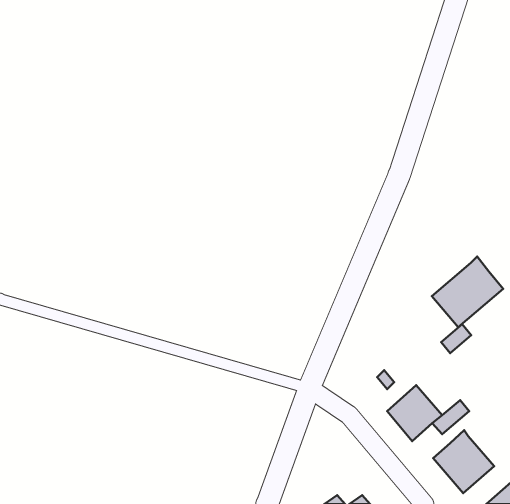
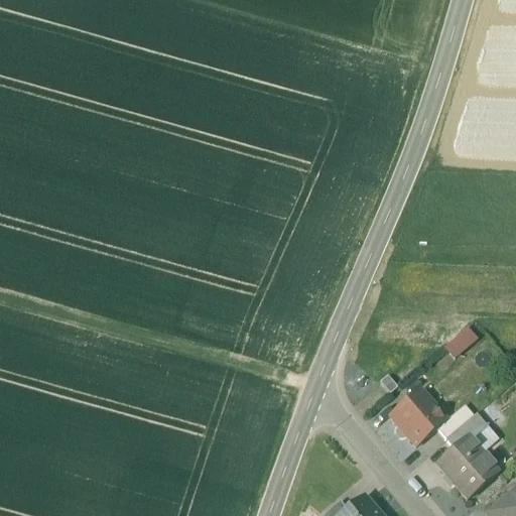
building: [432,256,503,327] -> none
building: none -> [446,411,489,446]

